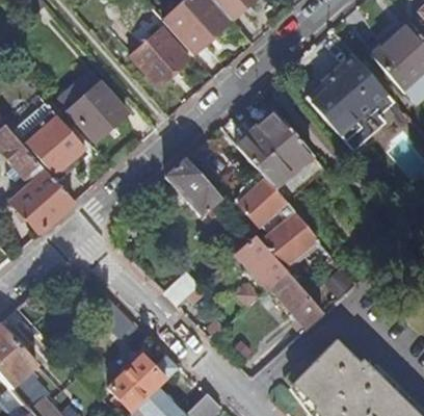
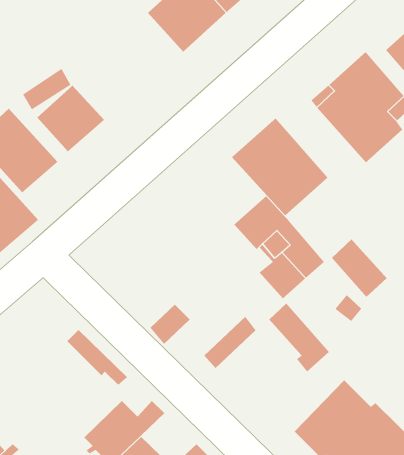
building: [132,29,190,86] -> none
building: [165,159,219,216] -> none
building: [236,237,285,288] -> [331,238,388,297]

